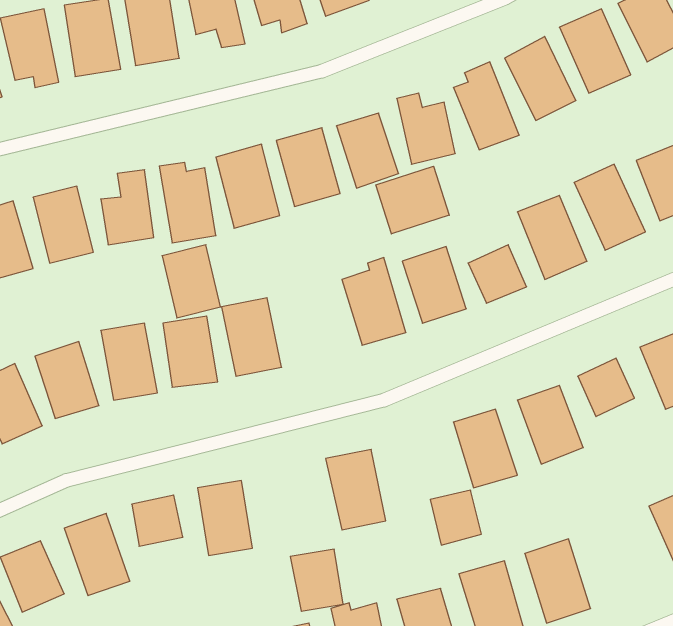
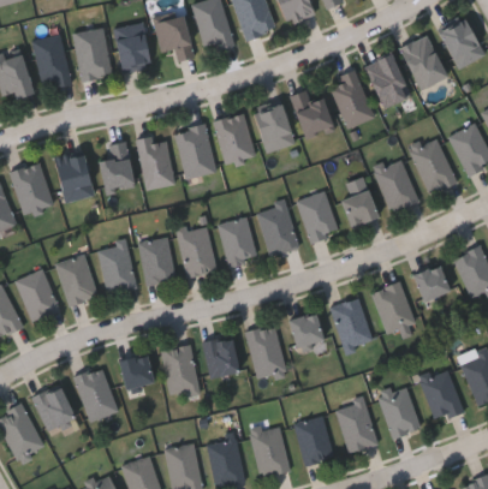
building: [376,166,449,234] -> none
building: [162,245,221,318] -> [219,216,257,264]
building: [430,490,481,545] -> [288,312,322,348]
building: none -> [419,368,463,422]
building: [290,549,343,611] -> [203,336,238,377]

